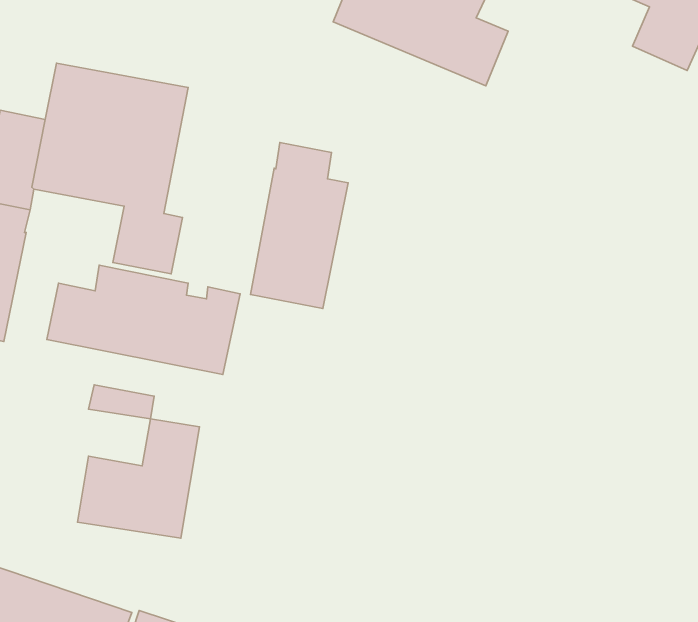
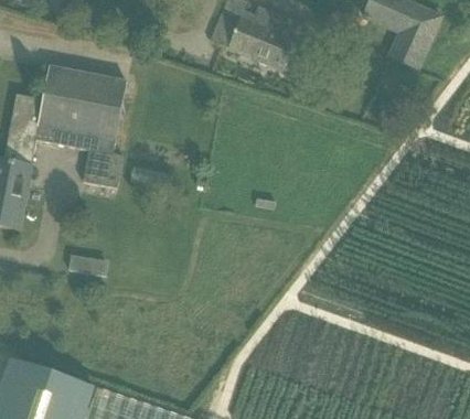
building: [250,142,348,308] -> none
building: [47,265,240,375] -> none
building: [77,419,199,538] -> none

